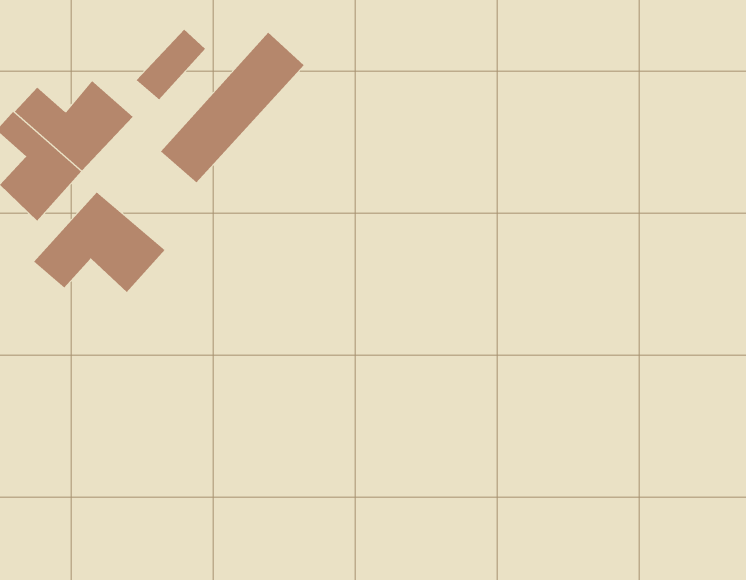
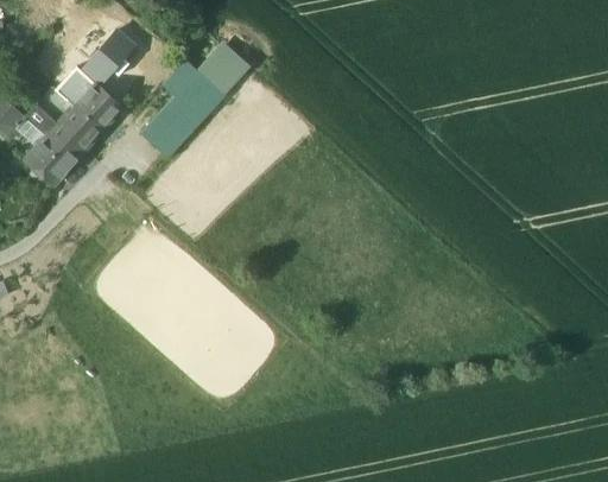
building: [136,29,206,100] -> [84,30,134,81]
building: [33,191,166,293] -> none

